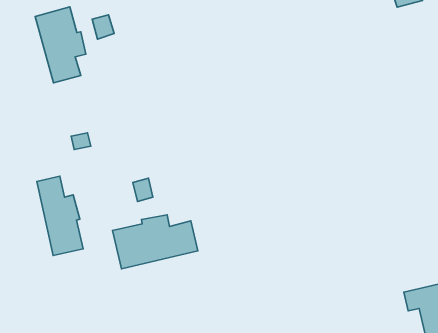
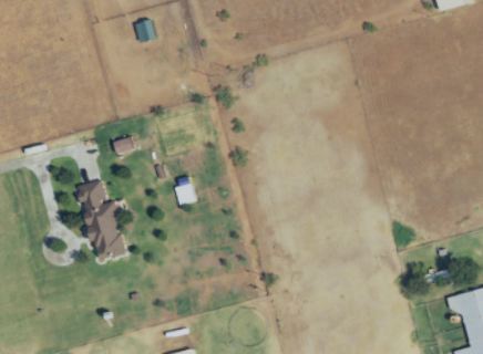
building: [35,7,86,83] -> none
building: [113,215,198,269] -> none

